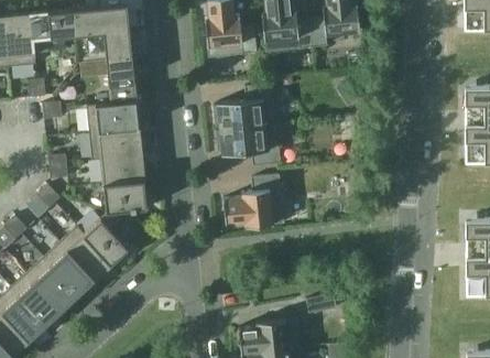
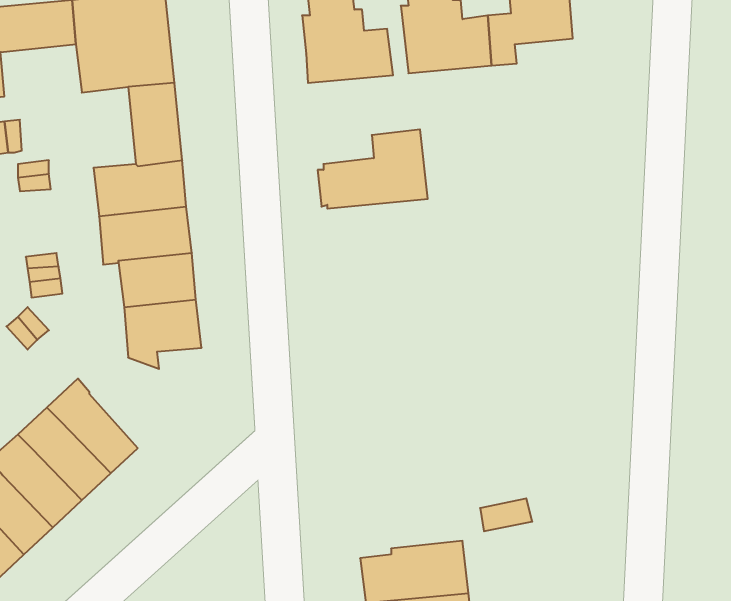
building: [216,123,280,166] -> none
building: [224,175,283,227] -> none
building: [84,214,131,268] -> none

